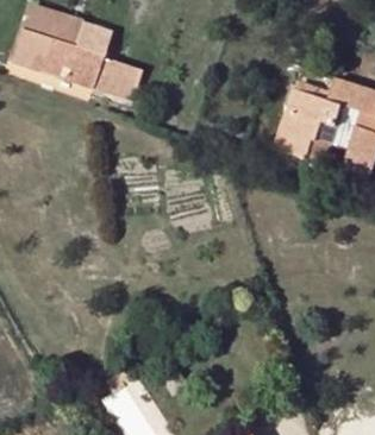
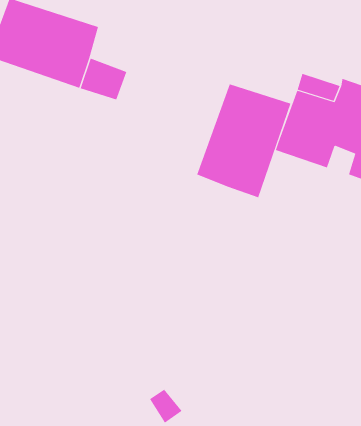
building: none -> [197,83,291,198]

